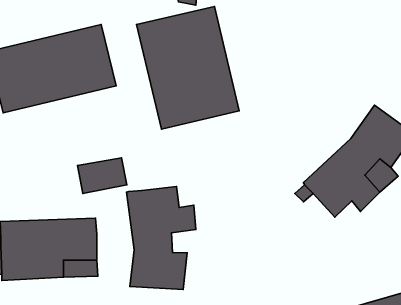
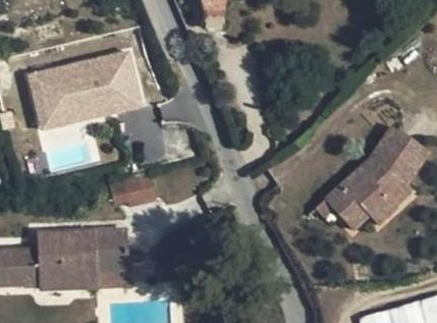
building: [136,7,239,129] -> none
building: [126,187,196,289] -> none

